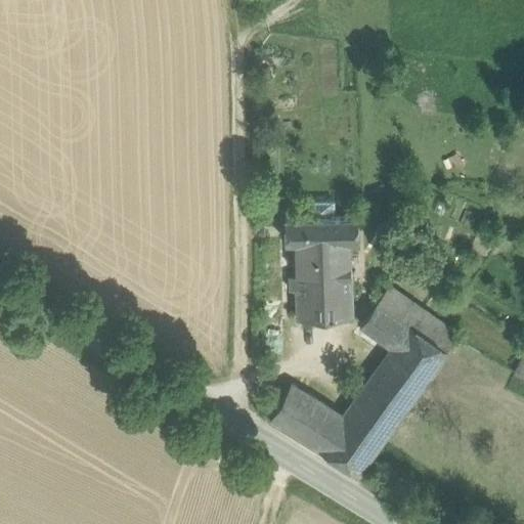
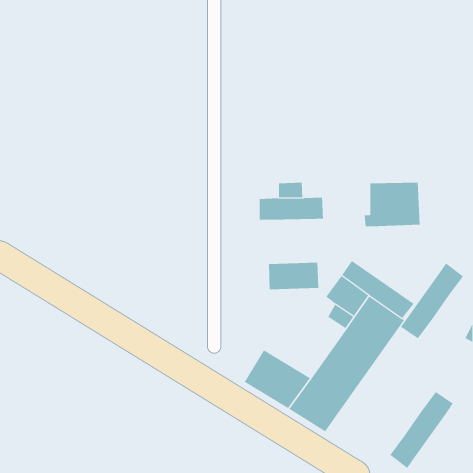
building: [289,244,351,293] -> [364,182,420,227]
building: none -> [400,263,464,339]
building: none -> [389,391,454,469]

